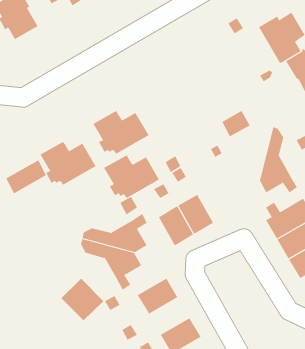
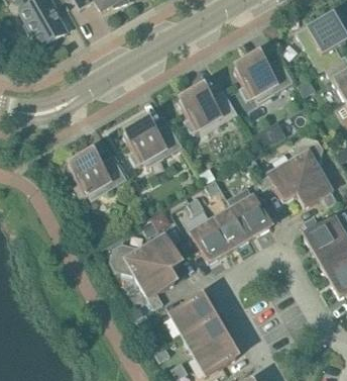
building: none -> [234,54,294,100]
building: none -> [258,134,312,199]
building: [103,154,160,199] -> [179,86,238,132]
building: [6,159,47,194] -> none
building: none -> [228,186,276,236]
building: [60,278,104,321] -> none
building: none -> [182,314,225,354]

